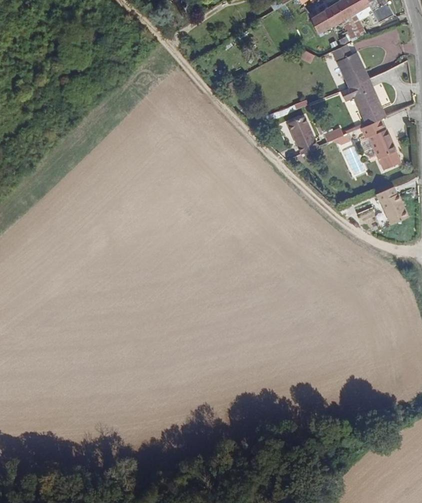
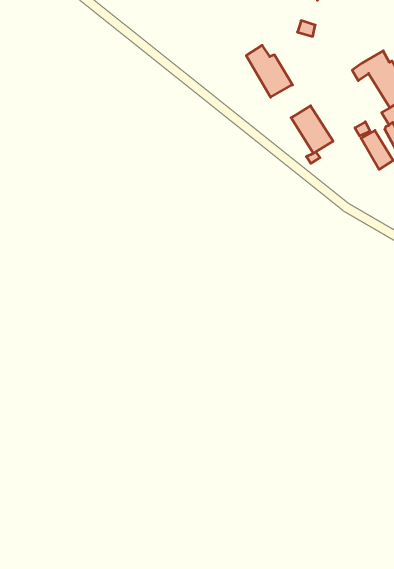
building: [333,44,368,87] -> [246,45,293,97]

